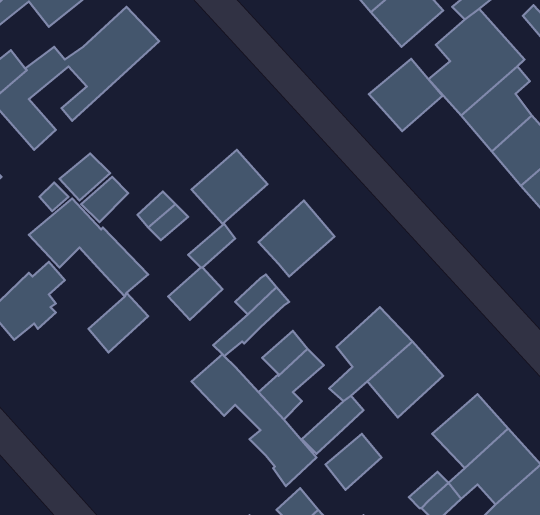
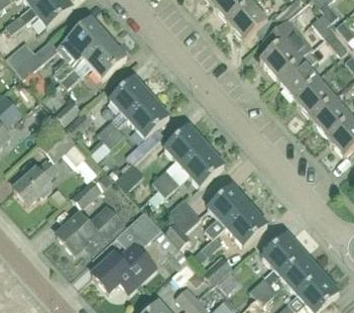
building: none -> [61,36,127,88]
building: [369,59,443,131] -> none
building: none -> [110,77,152,119]
building: none -> [182,145,225,187]
building: none -> [56,206,124,253]
building: none -> [92,244,154,292]

